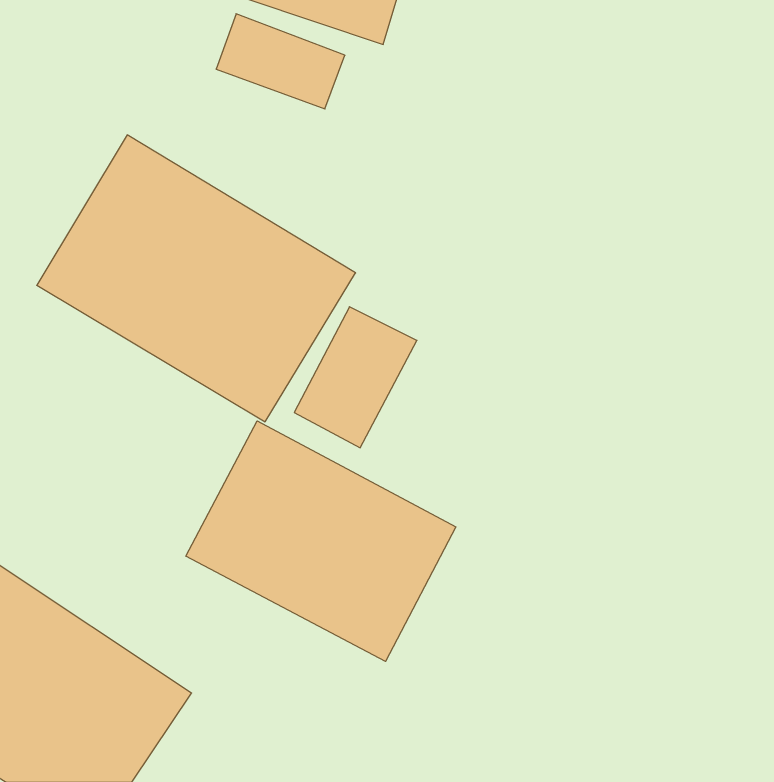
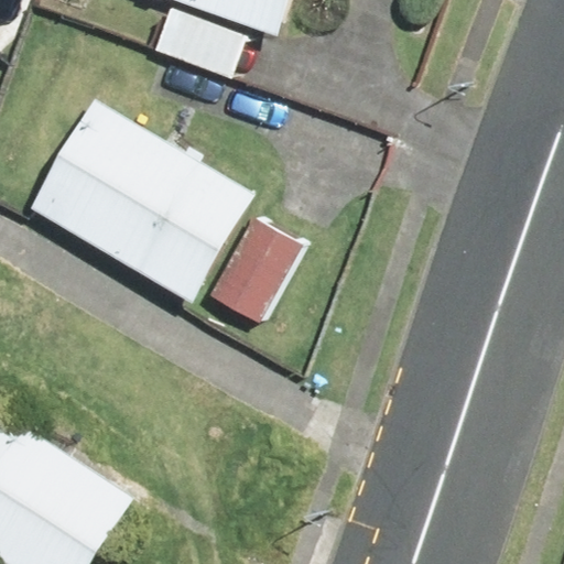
building: [186,421,456,661] -> none

